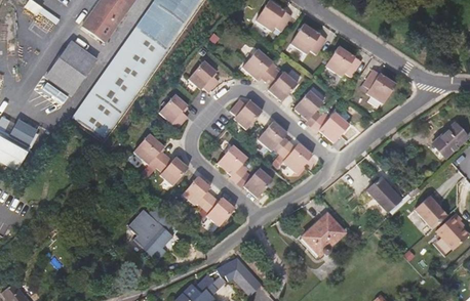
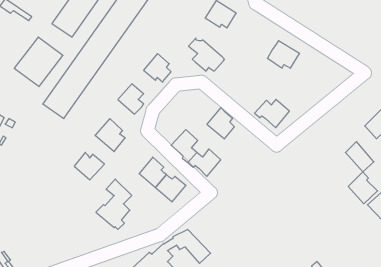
building: [290,24,326,54] -> none
building: [266,69,298,101] -> none
building: [362,69,396,103] -> none
building: [291,89,324,127] -> none
building: [230,98,262,129] -> none
building: [277,142,312,172] -> none
building: [154,155,188,185] -> [74,152,104,180]
building: [368,177,400,211] -> [345,142,374,172]
building: [302,216,347,260] -> none

